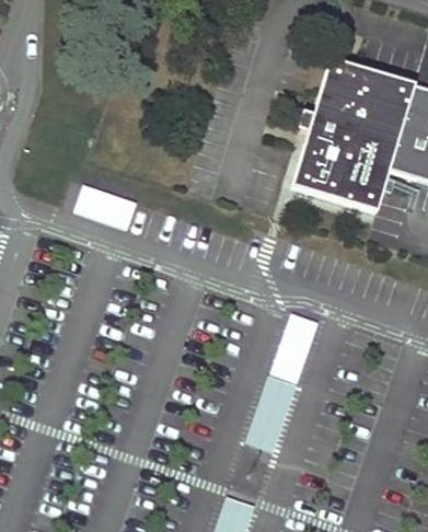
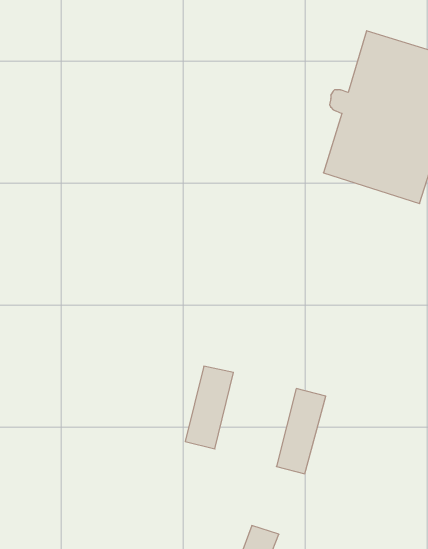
building: [273,314,315,388] -> [185,366,233,449]

